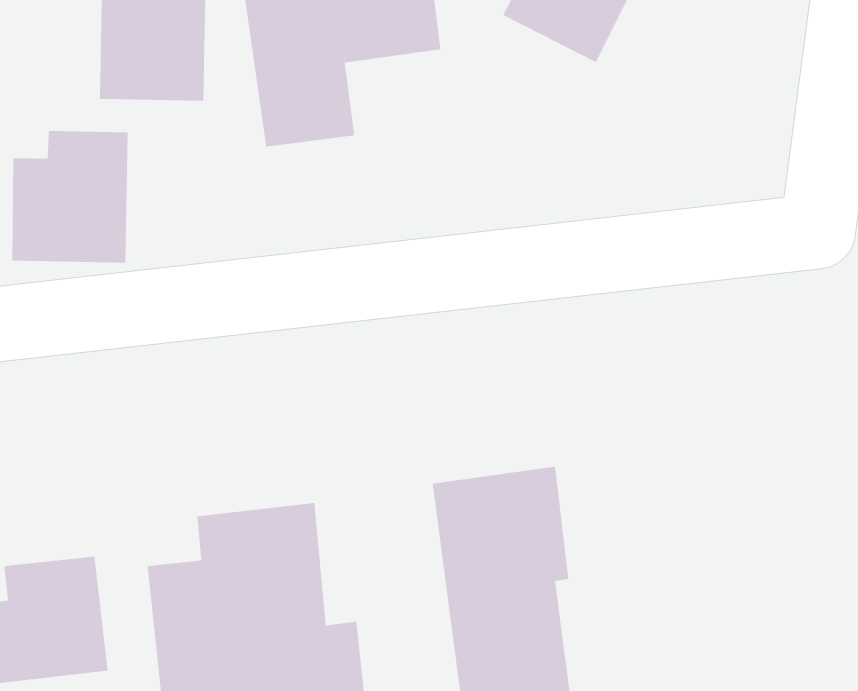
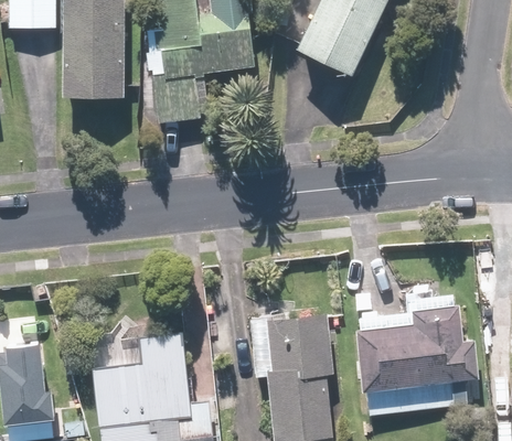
building: [12,130,128,263] -> none
building: none -> [350,303,479,415]

